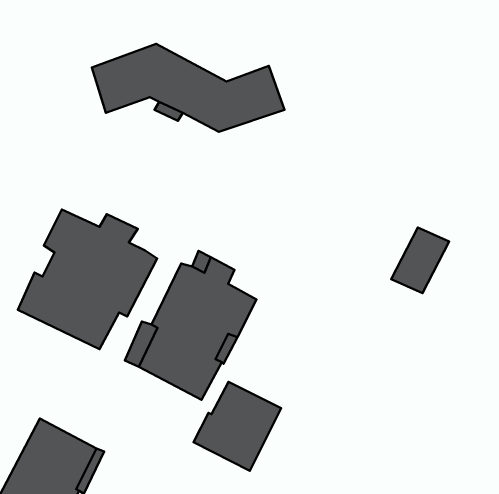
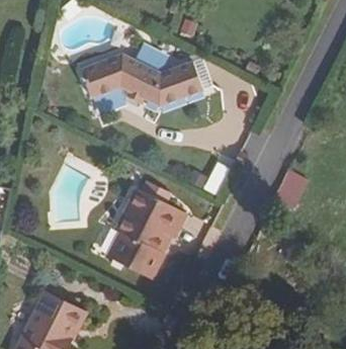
building: [18,210,157,349] -> none
building: [194,382,281,471] -> none

